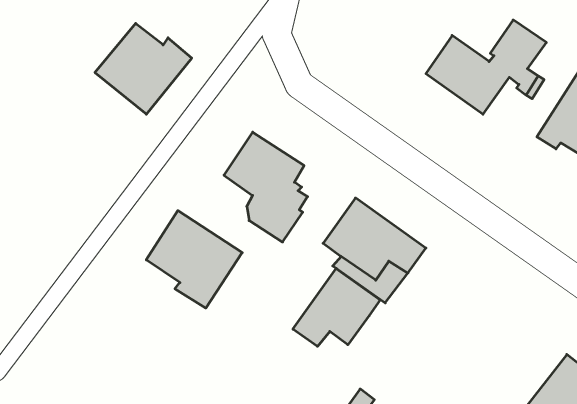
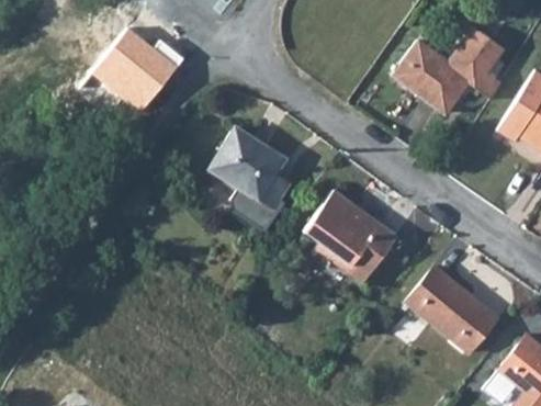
building: [146,211,242,308] -> none
building: [293,268,380,346] -> none
building: none -> [403,267,495,351]

